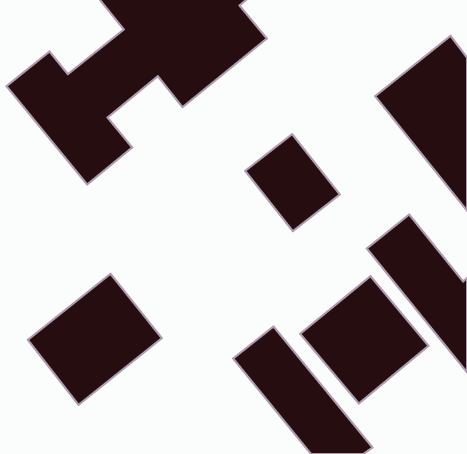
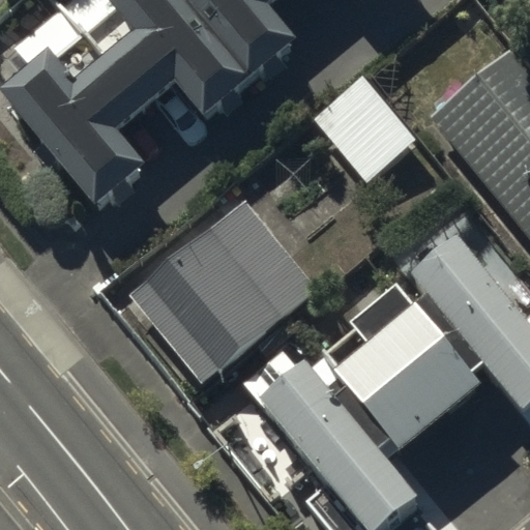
building: [245,134,340,231] -> [311,76,417,185]
building: none -> [131,196,319,377]
building: [28,274,162,405] -> none

